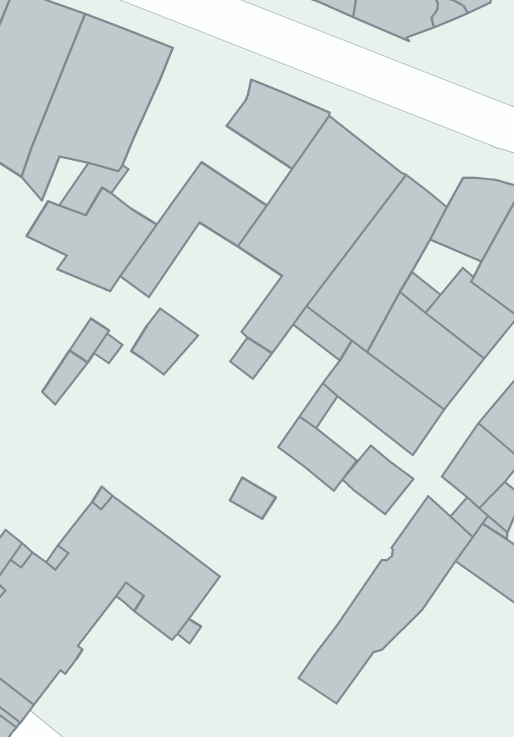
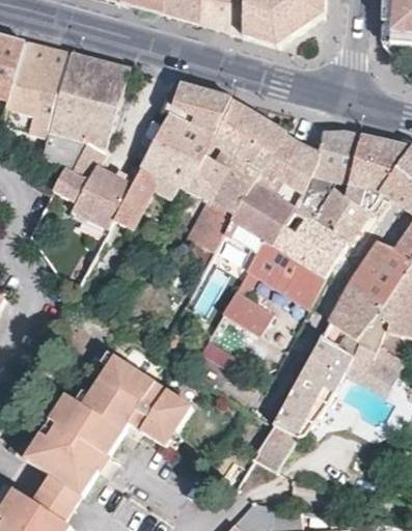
building: none -> [146,112,213,160]
building: [131,309,198,375] -> none
building: [342,445,414,514] -> none

